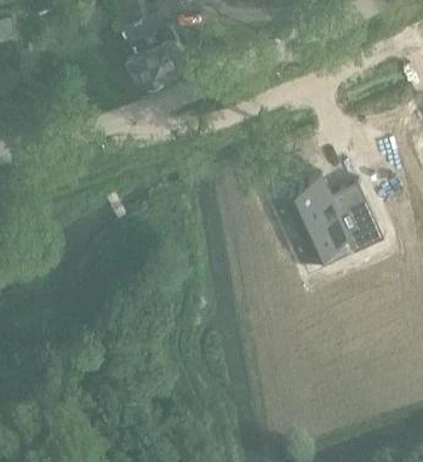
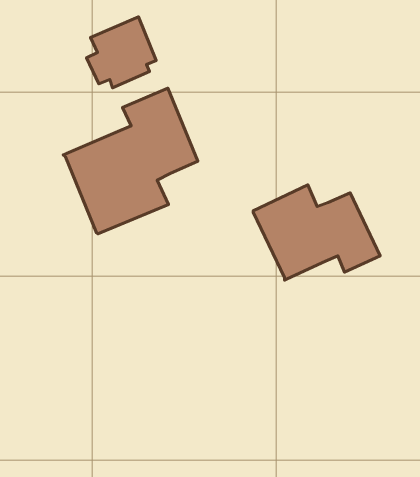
building: none -> [63,88,198,234]

